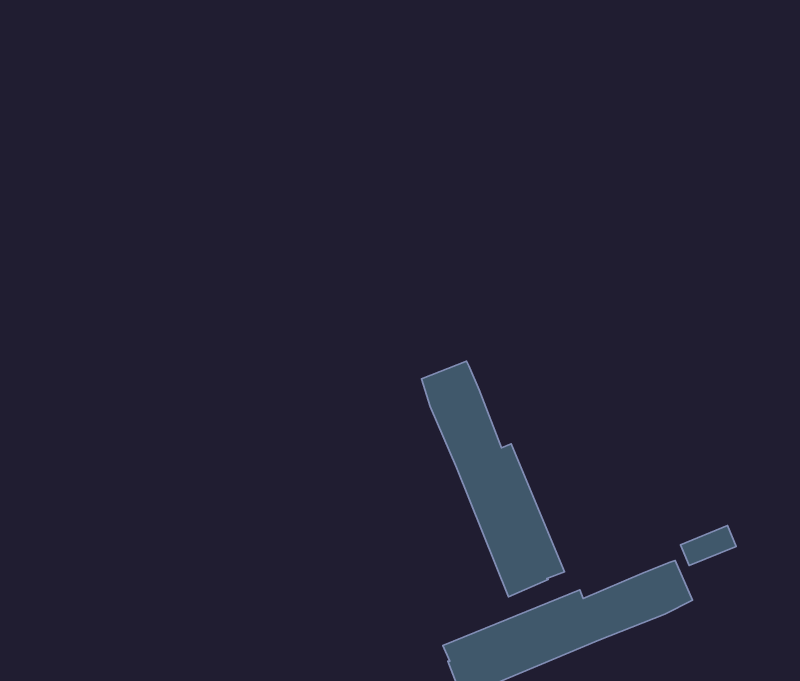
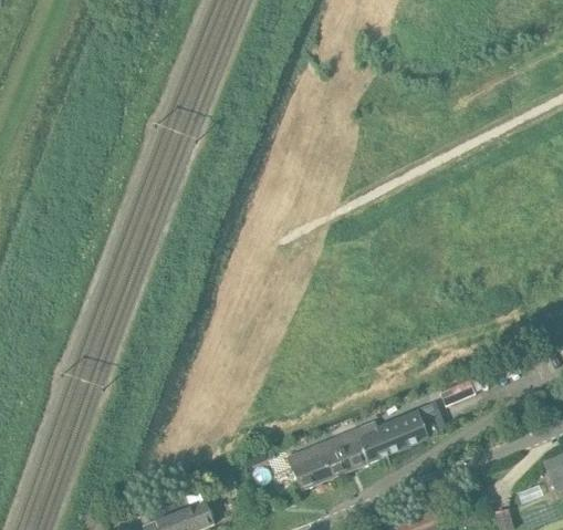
building: [422,361,565,597] -> none

